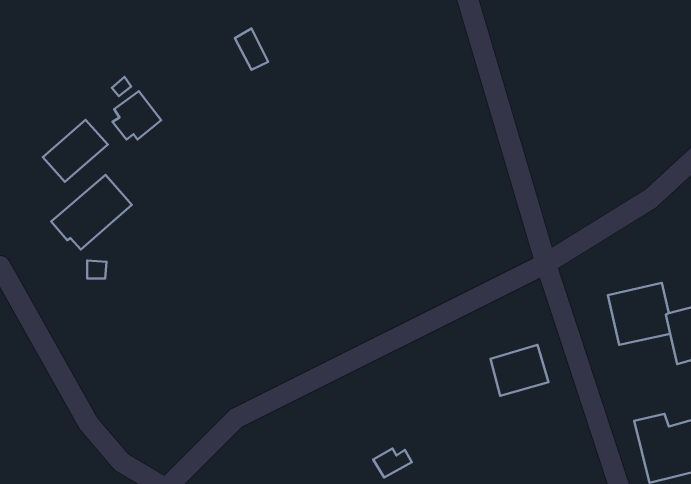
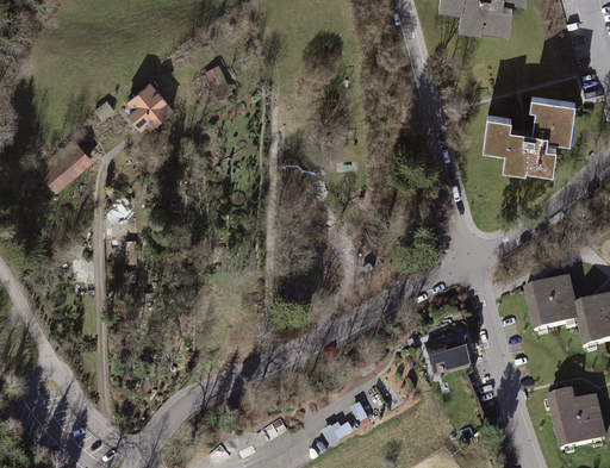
building: none -> [484,89,577,171]
building: [113,91,161,140] -> [127,81,169,123]
building: [51,175,132,250] -> none

